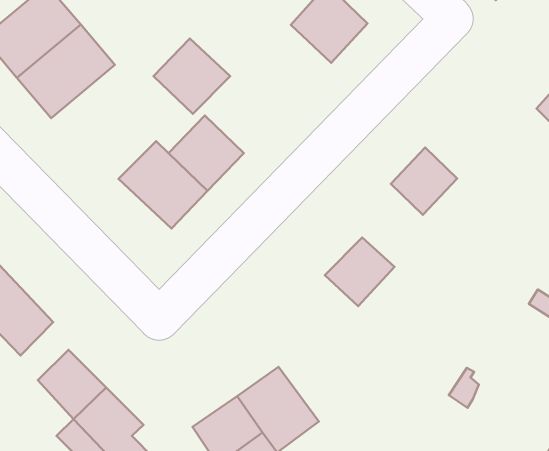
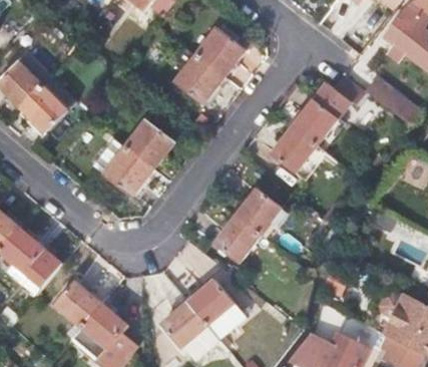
building: [154,38,230,114] -> [176,54,227,103]
building: none -> [294,80,351,143]
building: none -> [216,216,261,261]

